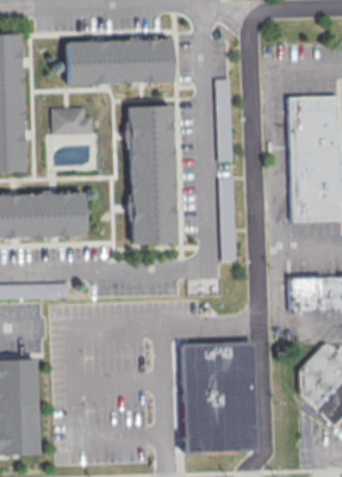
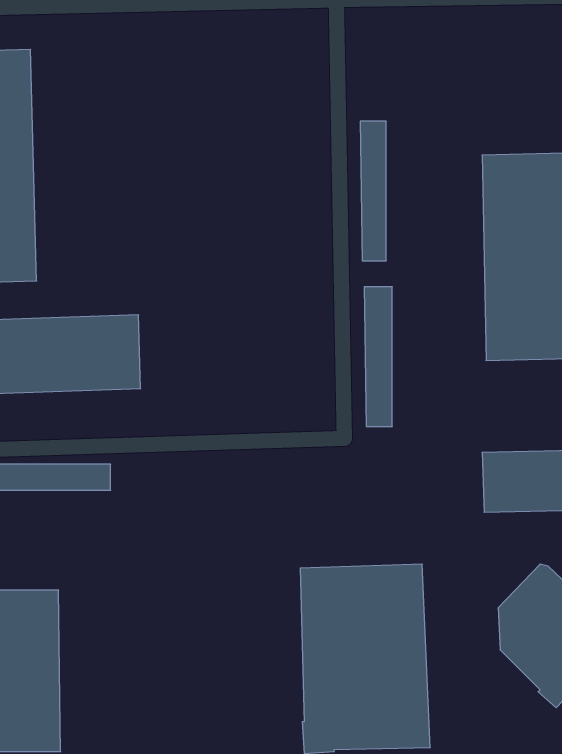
building: [67,38,174,86] -> none
building: [129,106,176,246] -> none
building: [52,107,94,135] -> none

